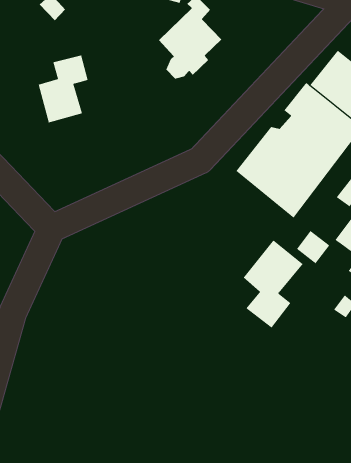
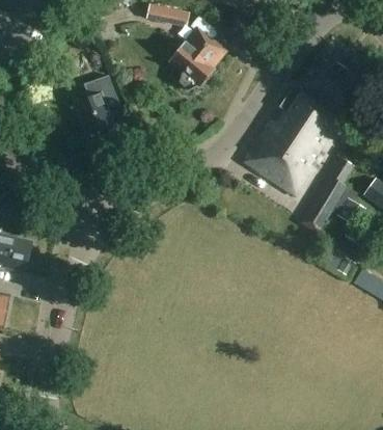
building: [243,240,303,328] -> none

